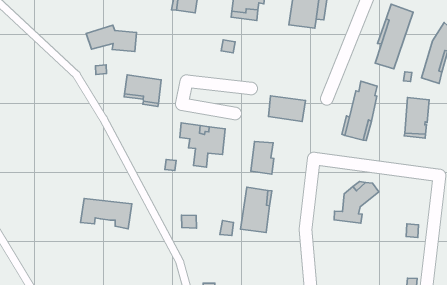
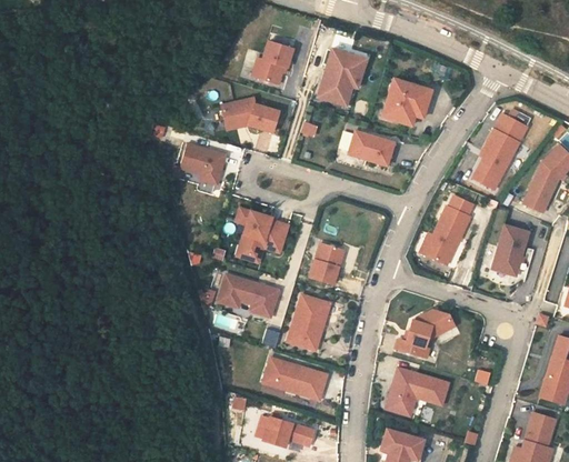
building: [86,25,136,51] -> [220,98,278,132]
building: [268,96,305,121] -> [349,130,395,165]
building: [81,198,132,229] -> [217,274,279,318]
building: none -> [389,368,448,413]
building: none -> [263,358,327,400]

